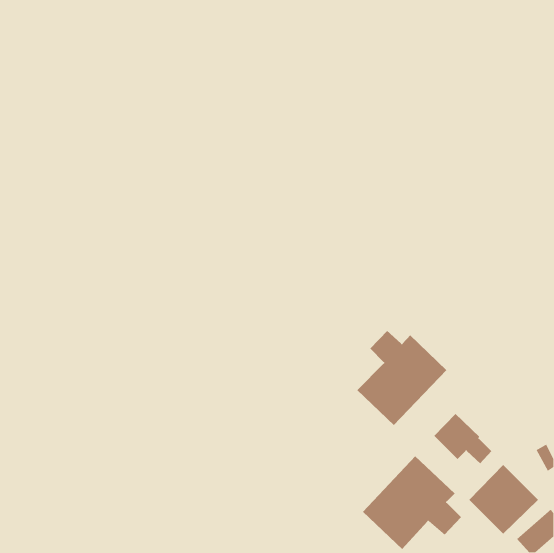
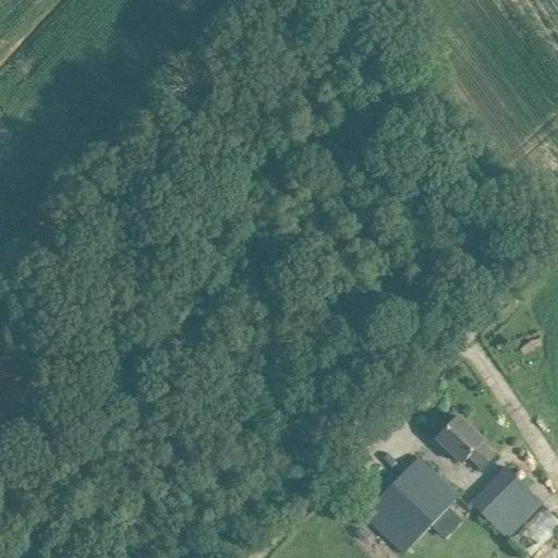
building: [357,330,447,426] -> none

